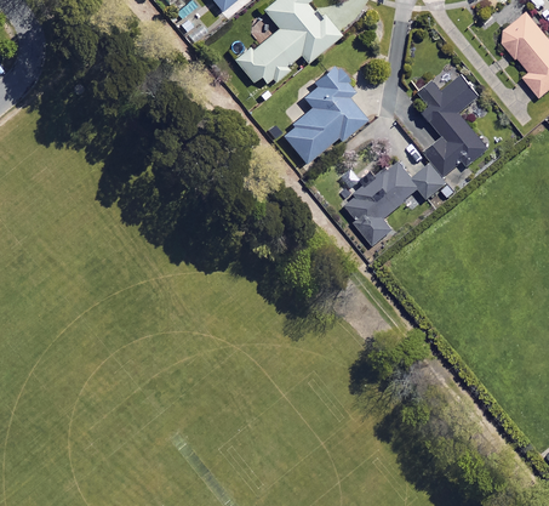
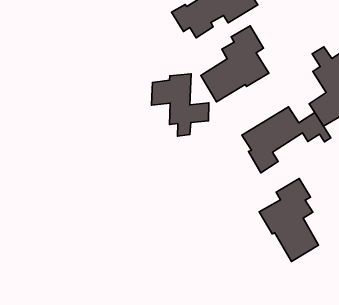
building: none -> [151,74,209,136]
building: none -> [259,179,319,261]

